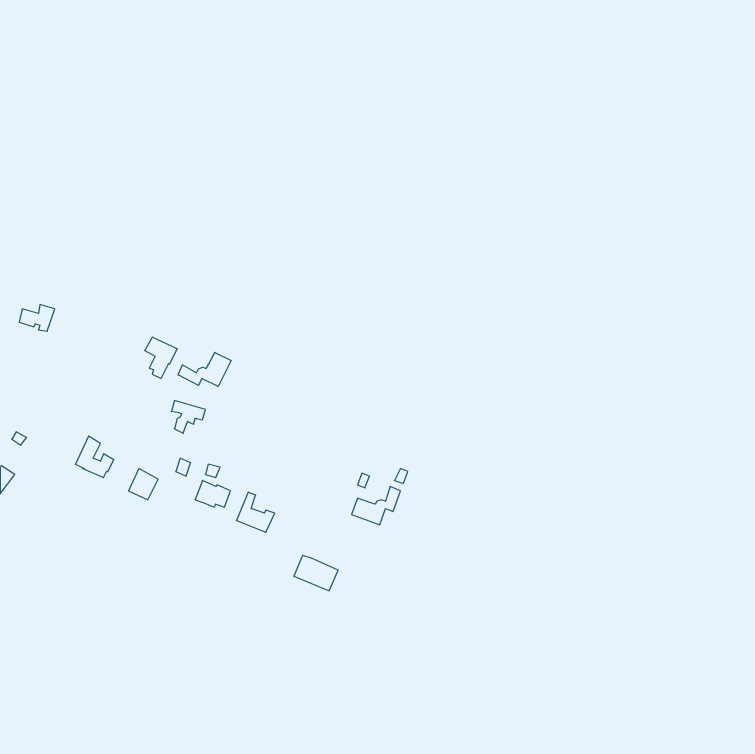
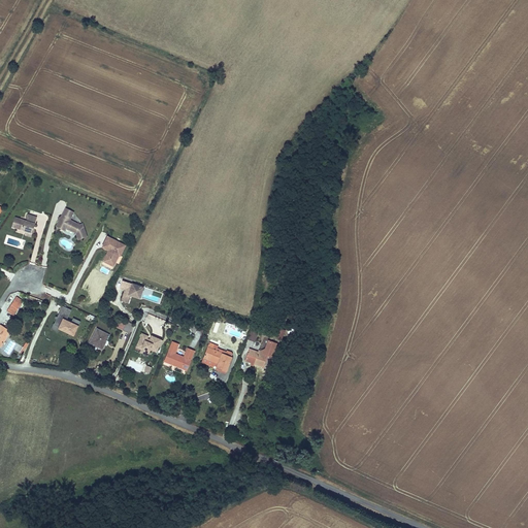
building: none -> [57,207,87,238]
building: [178,352,231,387] -> none
building: [294,555,338,591] -> [201,348,232,372]

